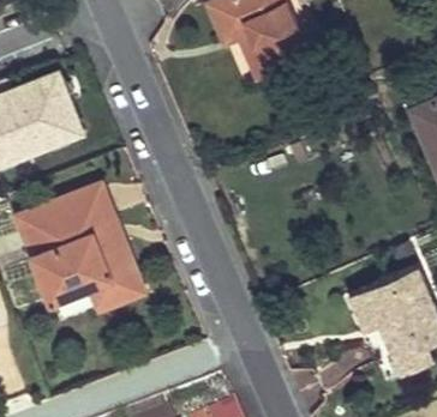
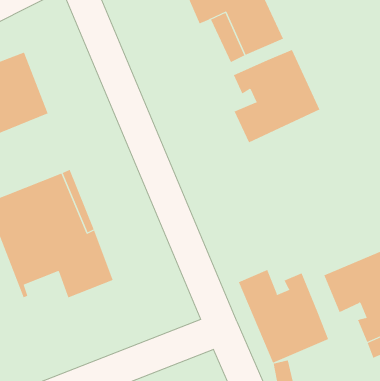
building: none -> [233,49,320,143]
building: none -> [238,269,329,363]

